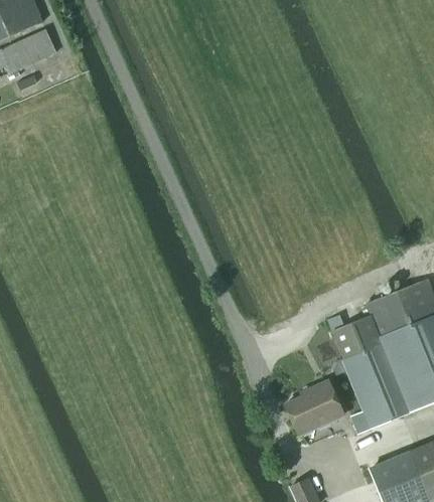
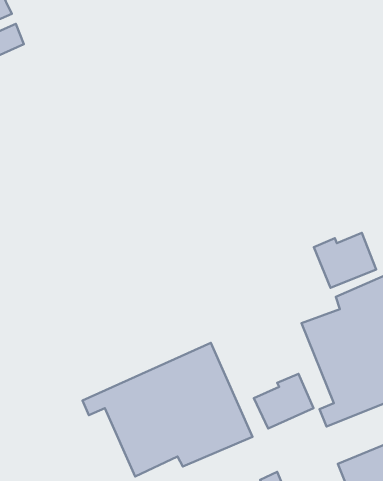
building: none -> [314,233,376,288]
building: none -> [82,343,253,477]

